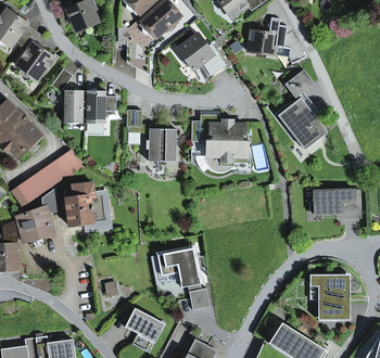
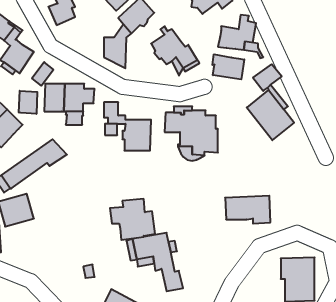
building: none -> [212,54,244,79]
building: none -> [19,91,37,114]
building: [58,182,105,226] -> [110,199,155,240]
building: [314,189,362,218] -> [225,196,270,224]

